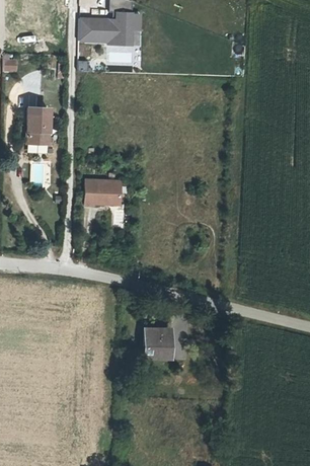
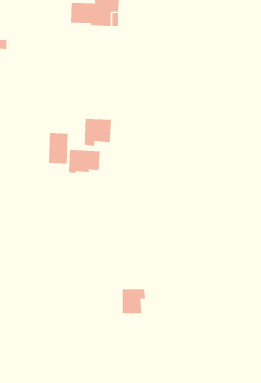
building: [25,108,48,143] -> [48,133,69,164]
building: none -> [84,118,111,147]

